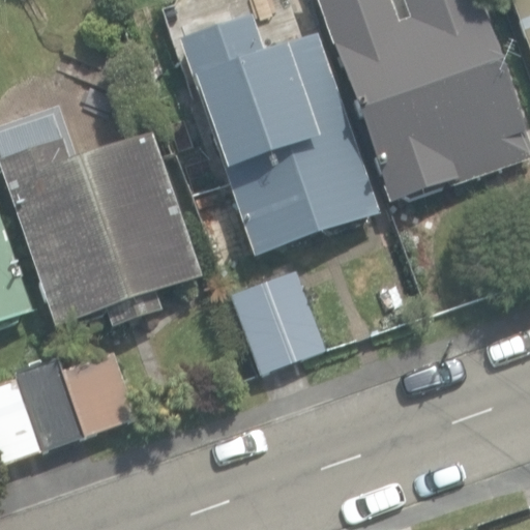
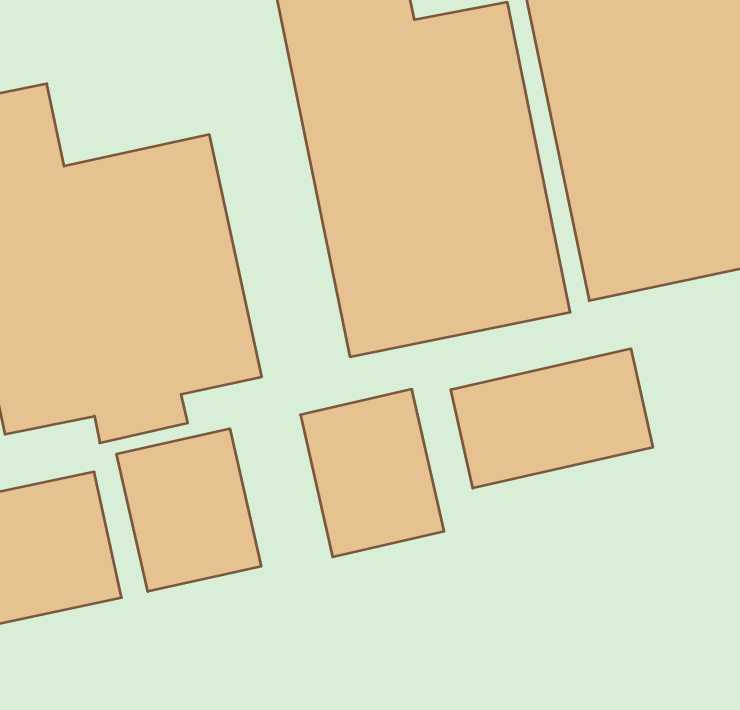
building: none -> [451,349,653,488]
building: none -> [117,429,261,592]

